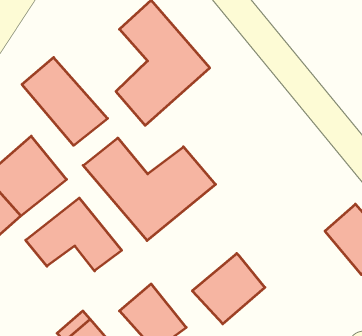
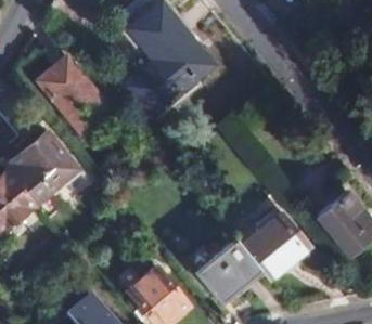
building: [83,138,216,241] -> none
building: [26,198,122,271] -> none
building: none -> [238,207,310,277]

